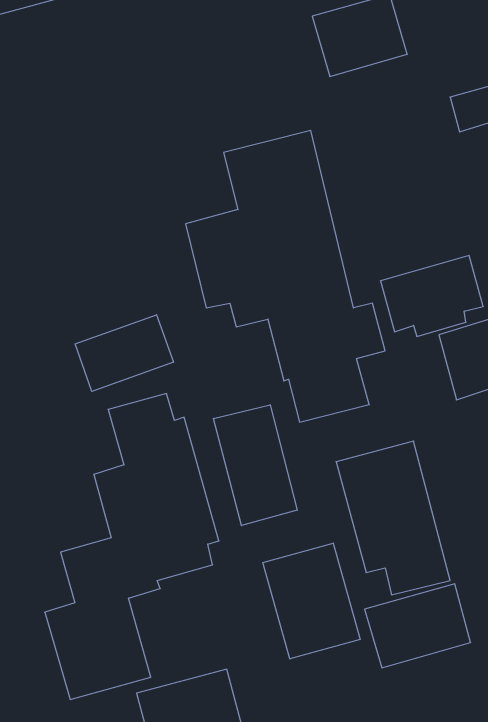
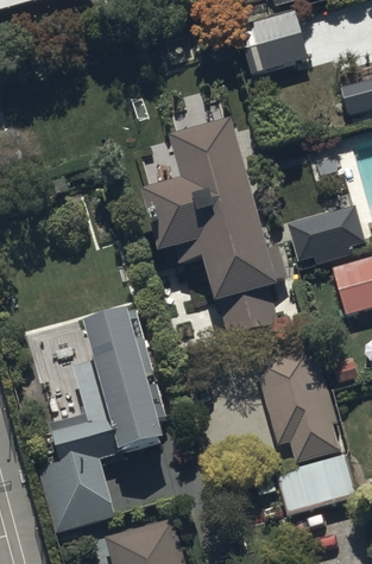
building: [75,315,173,391] -> none
building: [213,405,297,526] -> none
building: [263,543,360,659] -> none

